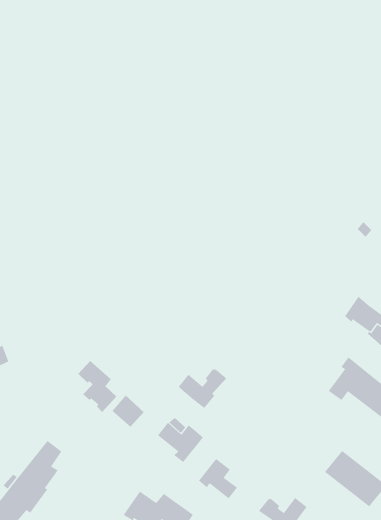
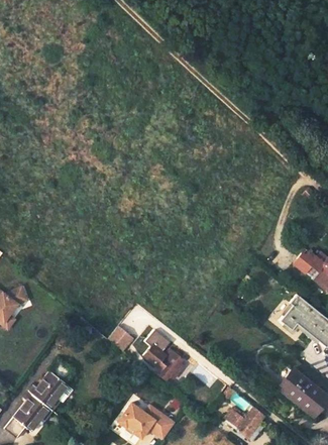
building: [78,360,117,413] -> none
building: [178,369,227,409] -> none
building: [198,458,237,499] -> none

